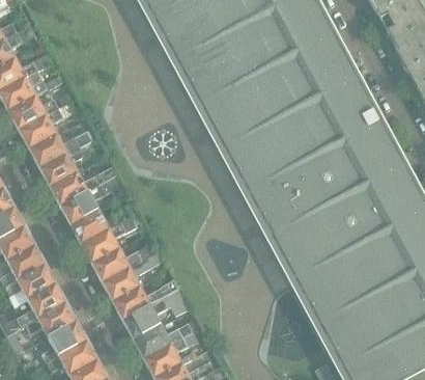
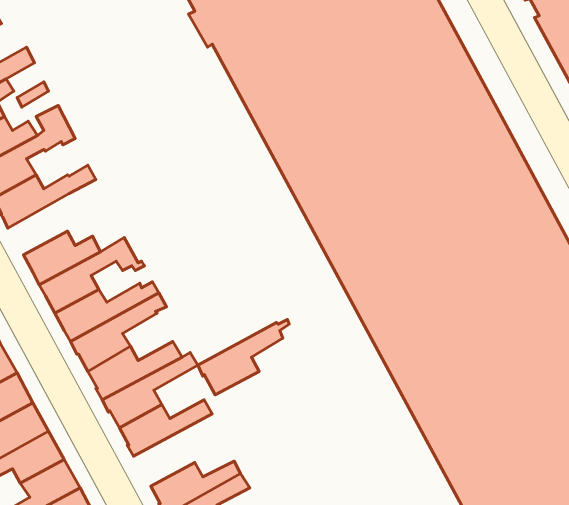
building: [39,145,84,186] -> none
building: [122,289,182,338] -> [198,319,289,395]

